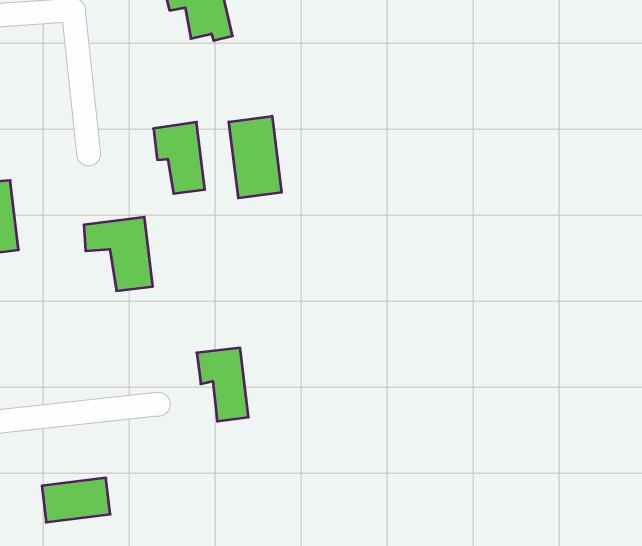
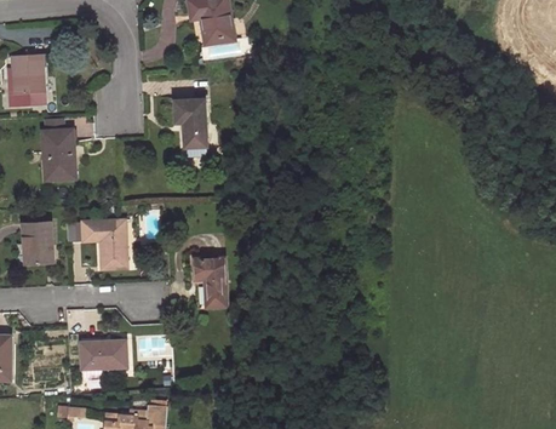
building: [229,116,282,198] -> none
building: [84,217,153,291] -> [82,219,127,269]

